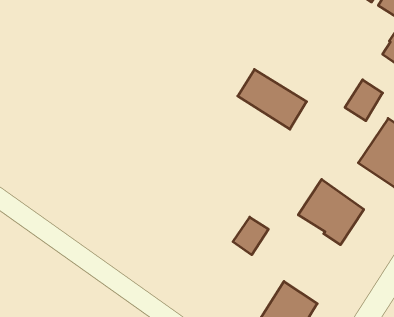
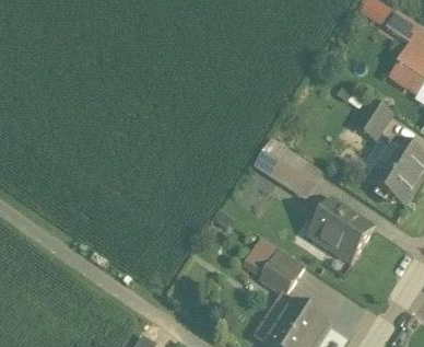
building: [238,69,307,129] -> [255,139,322,198]
building: none -> [259,247,305,294]

